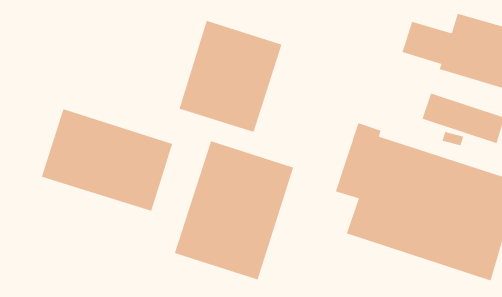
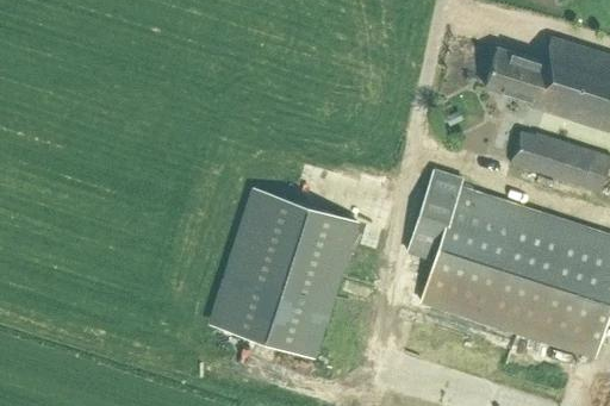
building: [178,20,282,133] -> none
building: [41,108,173,212] -> none

